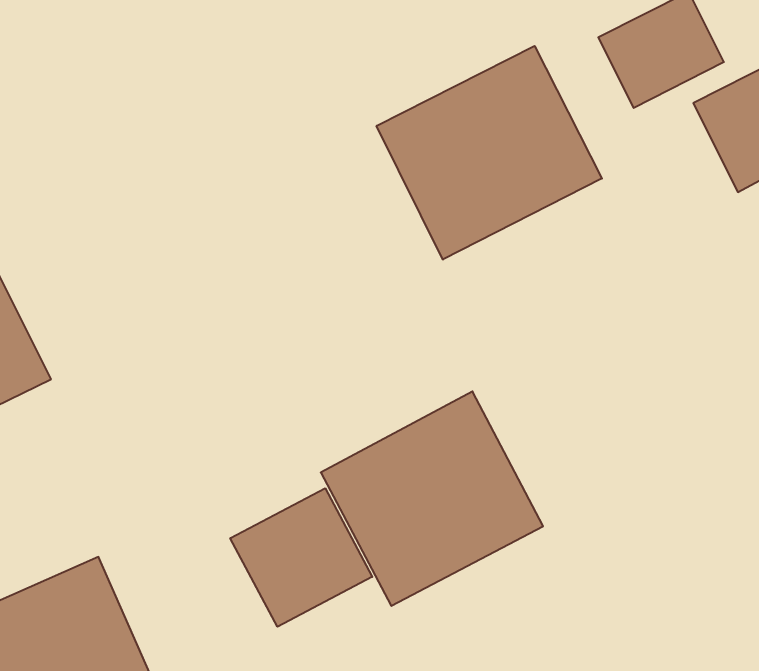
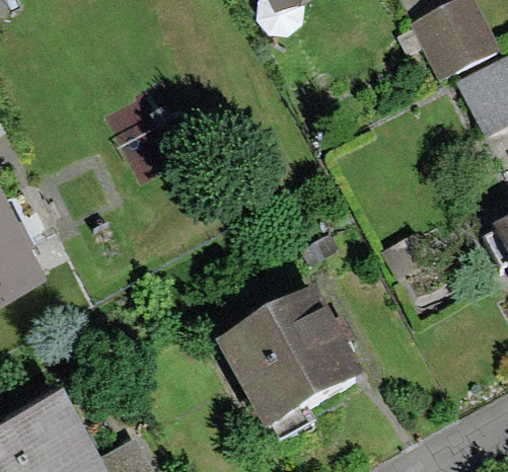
building: [377,46,602,260] -> none
building: [230,488,372,627] -> none

